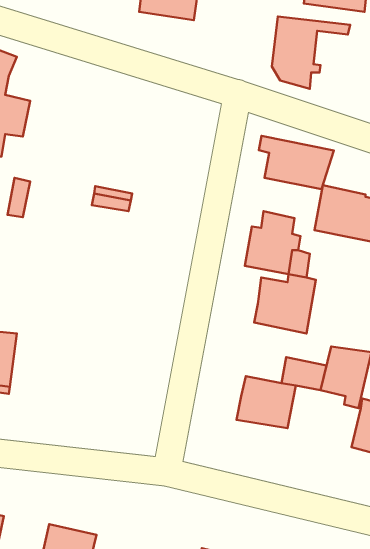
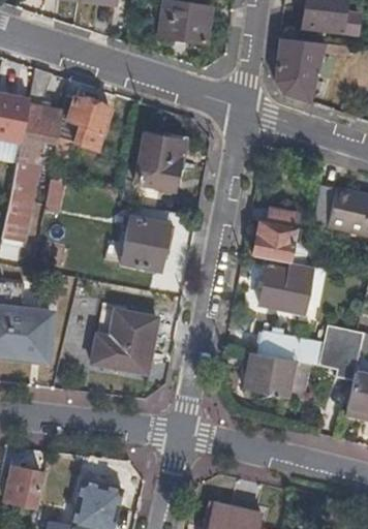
building: none -> [56,96,111,160]
building: none -> [135,133,182,188]
building: [259,136,334,189] -> none
building: none -> [122,218,170,270]
building: none -> [92,310,158,374]

